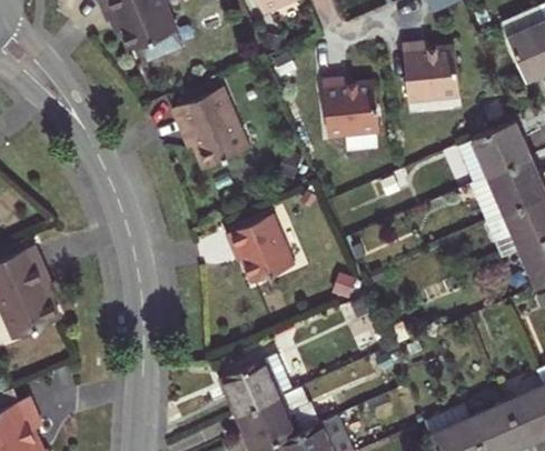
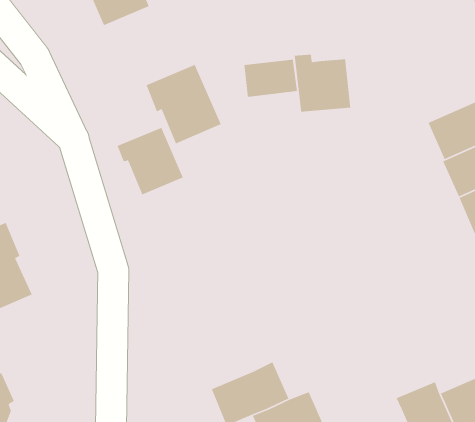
building: [402,42,459,102] -> none
building: none -> [243,59,298,98]
building: [226,216,294,284] -> [117,127,184,195]
building: [222,355,290,414] -> none

